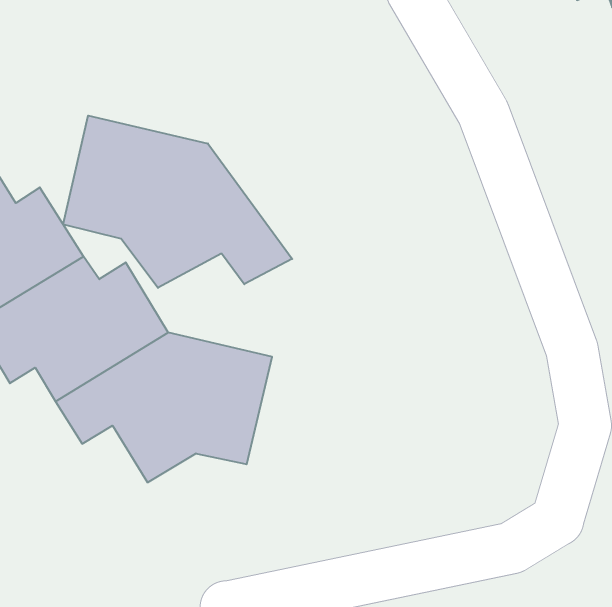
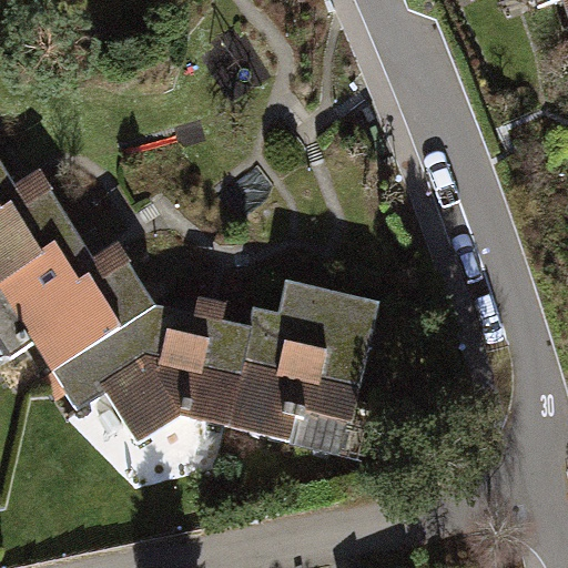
building: [63,116,292,288] -> none
building: none -> [226,282,379,440]

